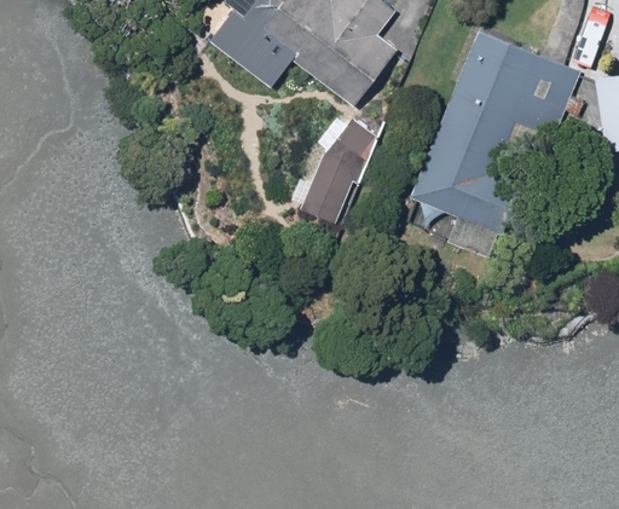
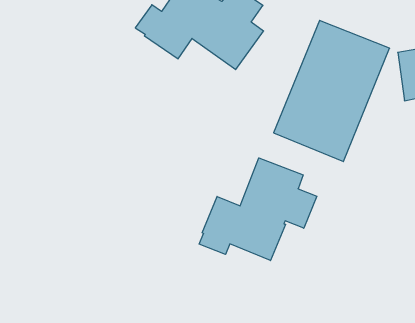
building: [305,120,377,226] -> none
building: none -> [199,158,317,261]

